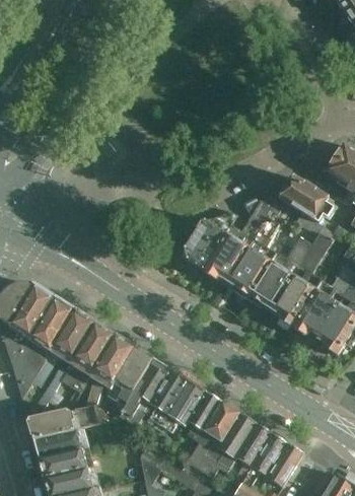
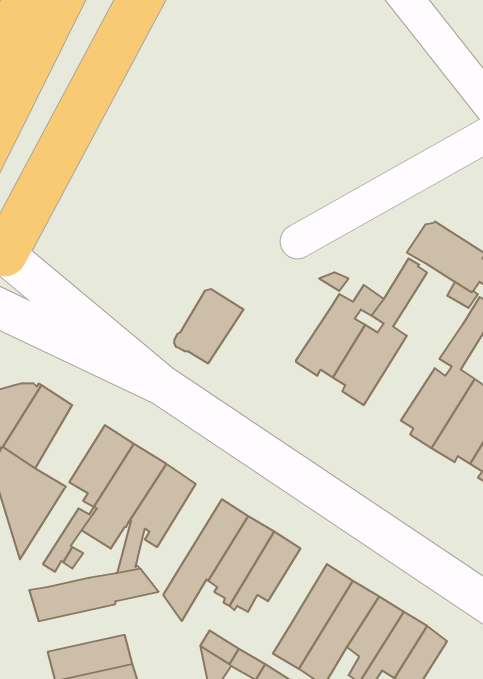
building: [242,193,277,227] -> none
building: [181,219,226,268] -> [174,289,244,363]
building: [247,237,312,307] -> none
building: [31,297,77,351] -> none
building: [109,349,154,407] -> none
building: [188,392,223,442] -> none
building: [33,428,90,459] -> none

